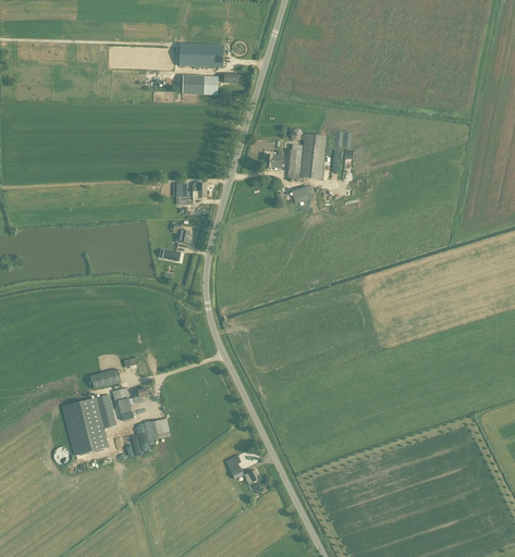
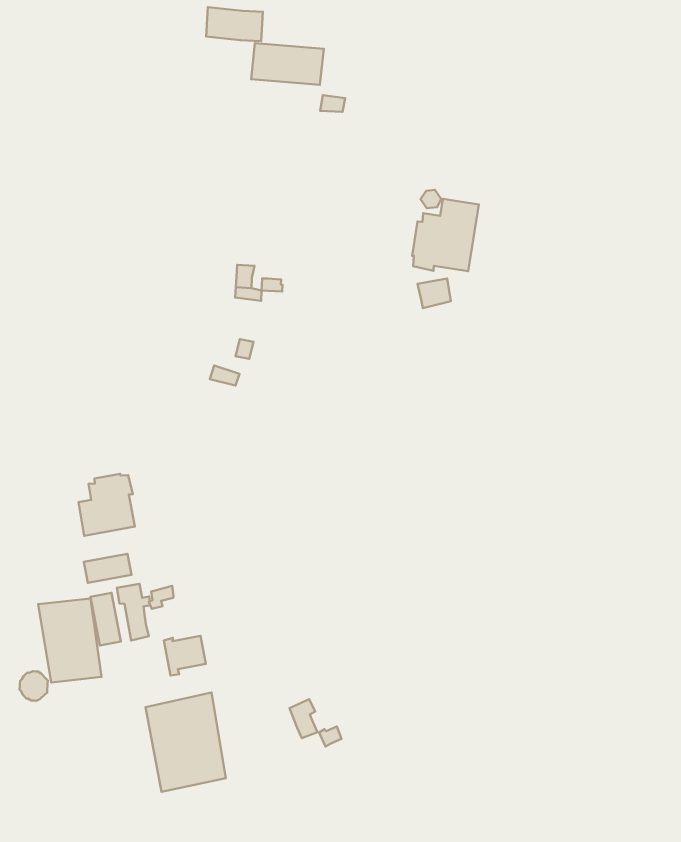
building: [182,75,217,95] -> [206,7,263,41]
building: none -> [78,474,135,536]
building: none -> [146,693,226,792]

